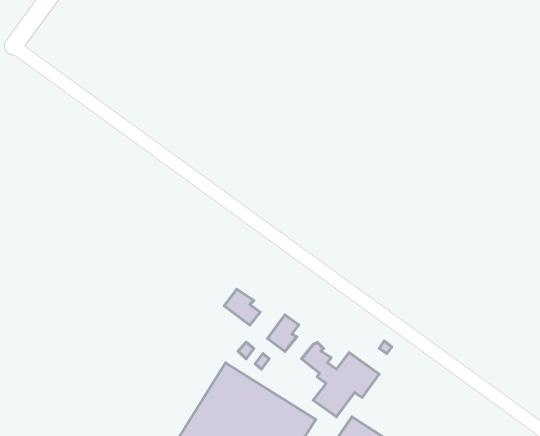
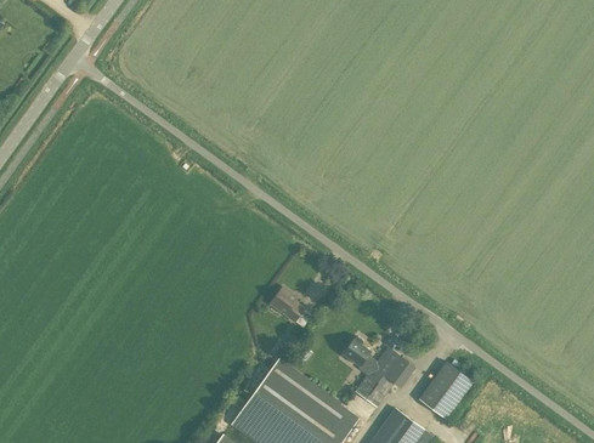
building: [267,315,299,351] -> none
building: none -> [420,363,474,420]

